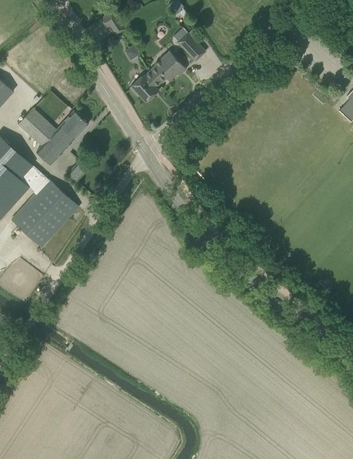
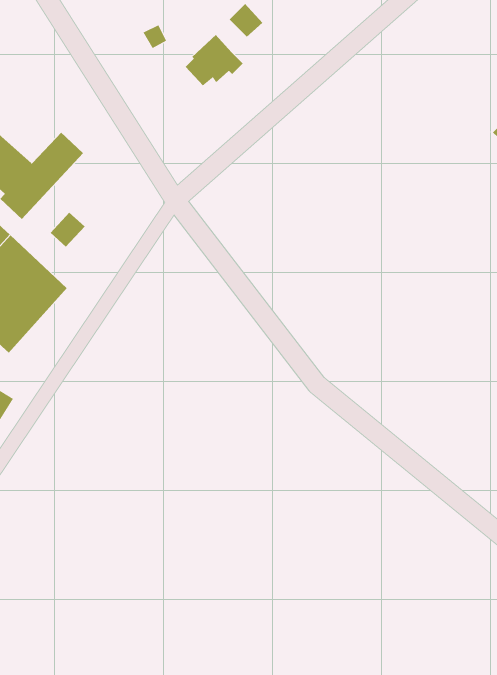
building: [129,70,161,102] -> none

